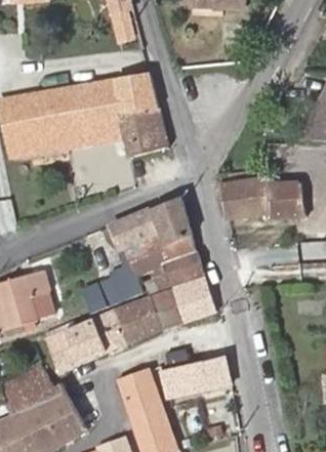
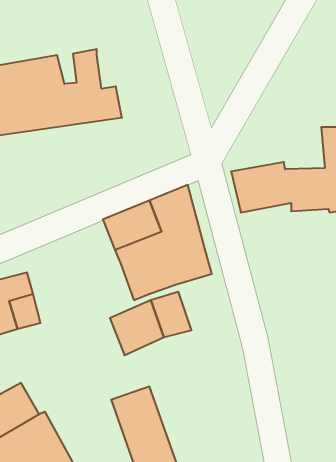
building: [104,77,166,155] -> none
building: [82,263,135,312] -> none
building: [173,277,213,320] -> none
building: [47,310,127,370] -> none
building: [162,356,230,399] -> none

